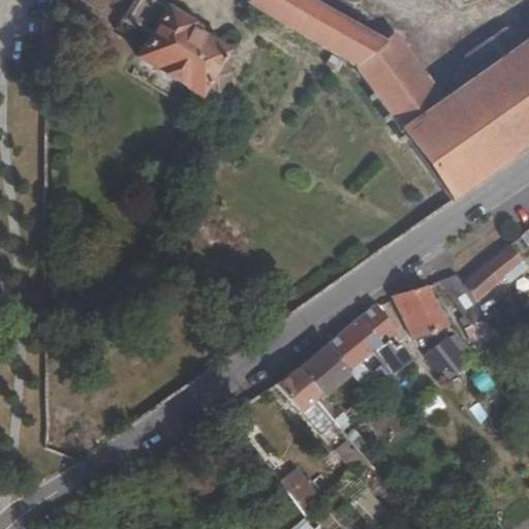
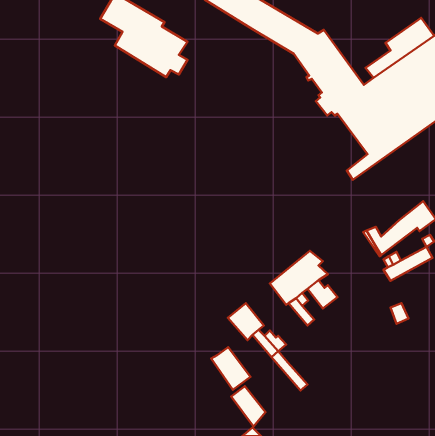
building: [394,284,449,337] -> none
building: [426,335,471,379] -> none
building: [300,342,351,396] -> none
building: none -> [211,347,250,390]

